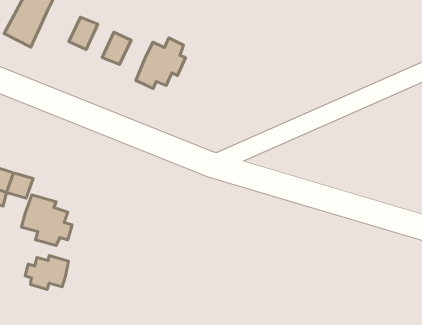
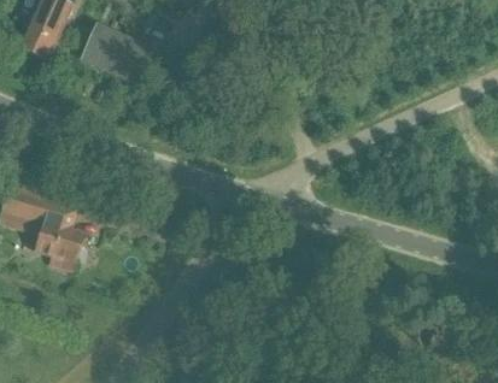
building: [136,38,186,89] -> none
building: [25,256,69,289] -> none

